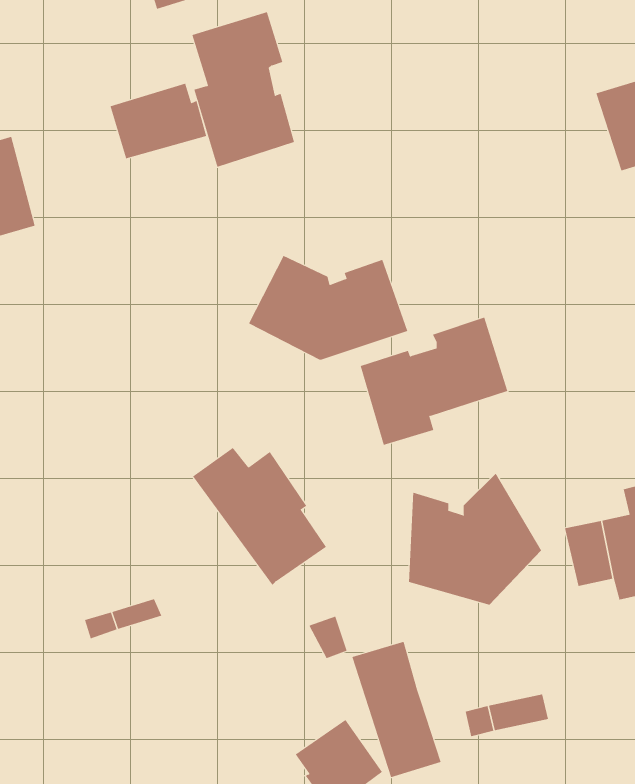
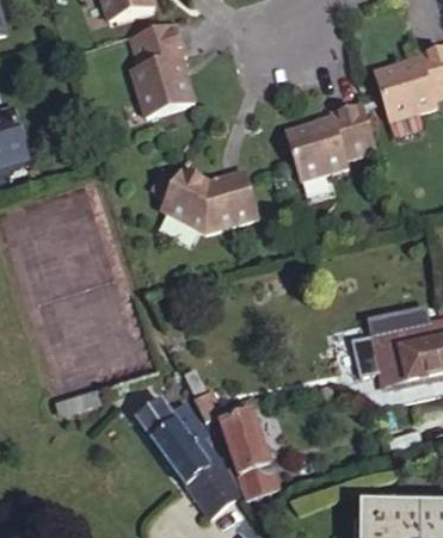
building: [110,83,207,159] -> none
building: [360,317,508,446] -> [284,105,375,184]
building: [192,447,327,586] -> [137,397,220,482]
building: [409,473,542,605] -> none

